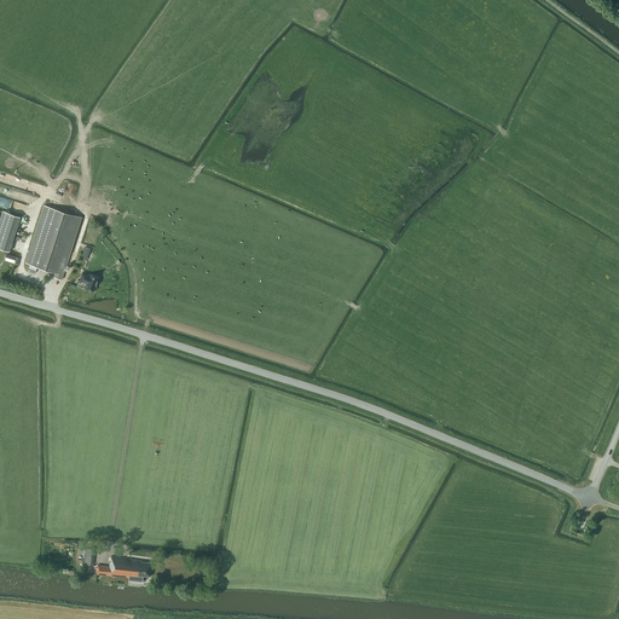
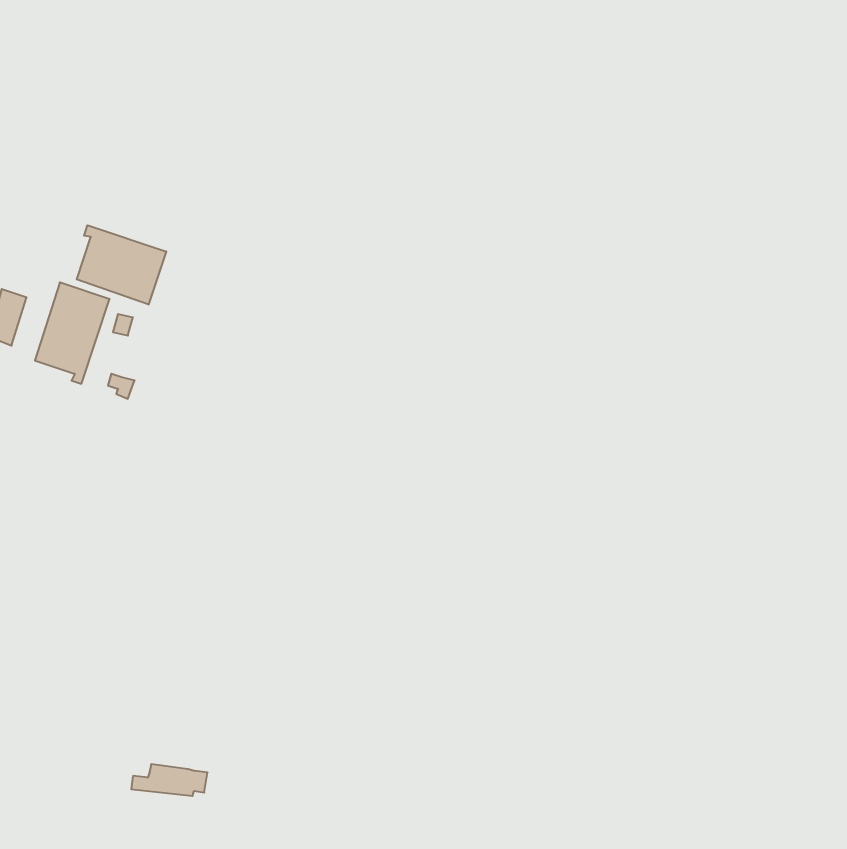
building: none -> [77,225,166,305]

